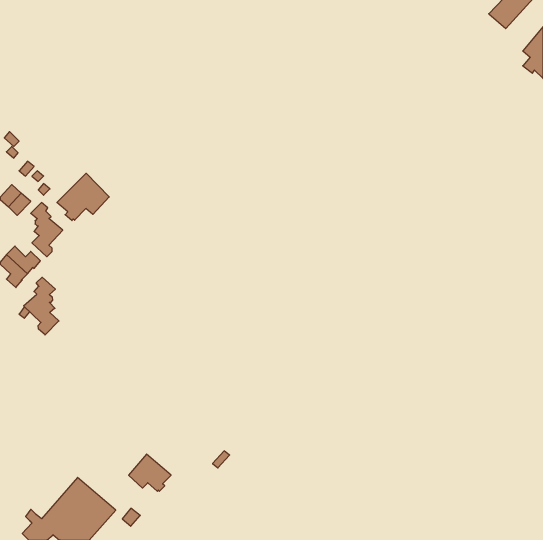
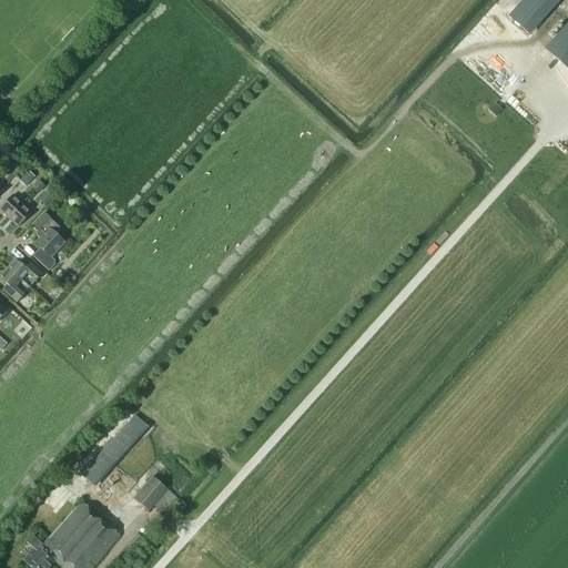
building: [57,173,109,221] -> none
building: [24,277,59,335] -> none
building: none -> [82,413,149,484]

